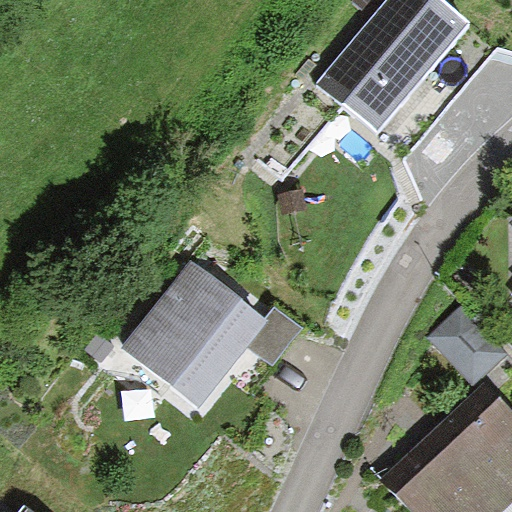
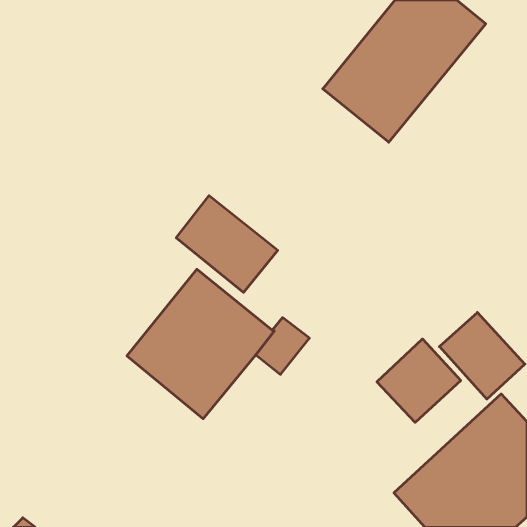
building: none -> [176,196,278,292]
building: none -> [377,339,461,422]

